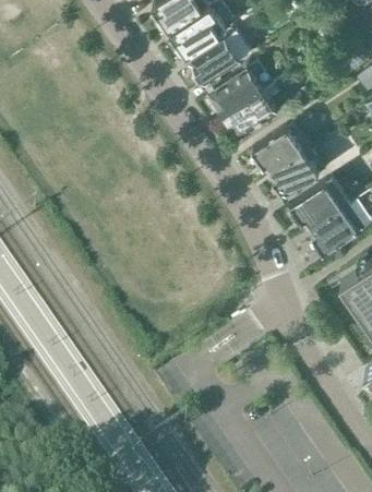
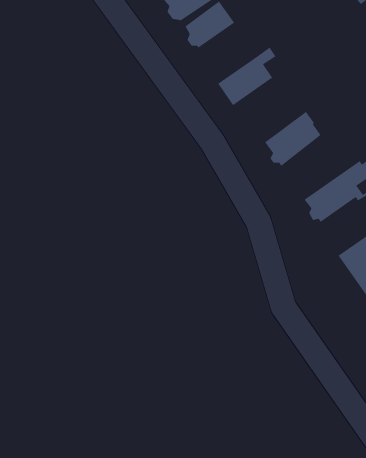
building: [207,69,262,118] -> none
building: [250,122,308,175] -> none
building: [290,178,361,230] -> none

